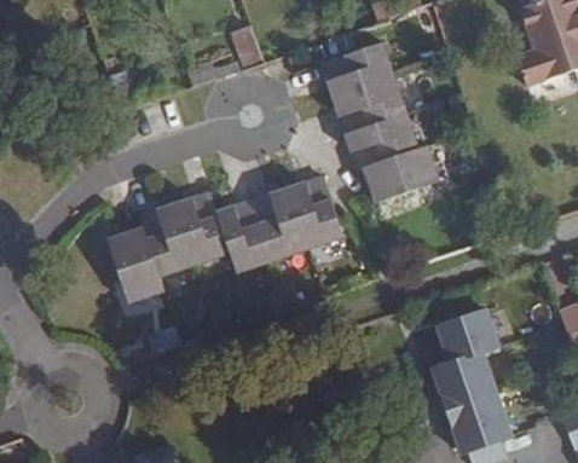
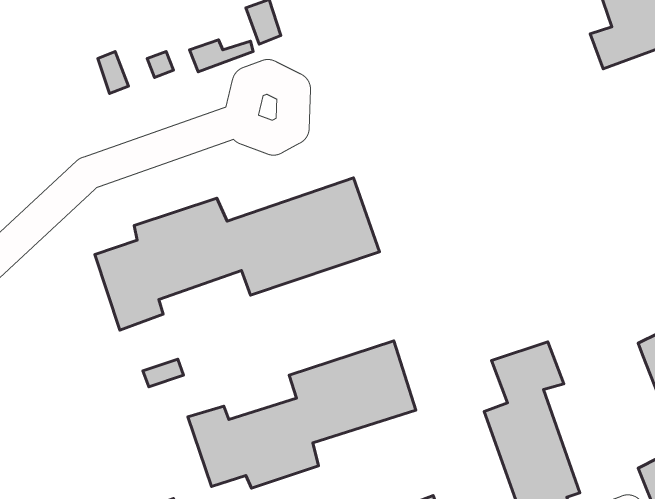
building: [319,42,439,203] -> none
building: none -> [188,341,416,488]

